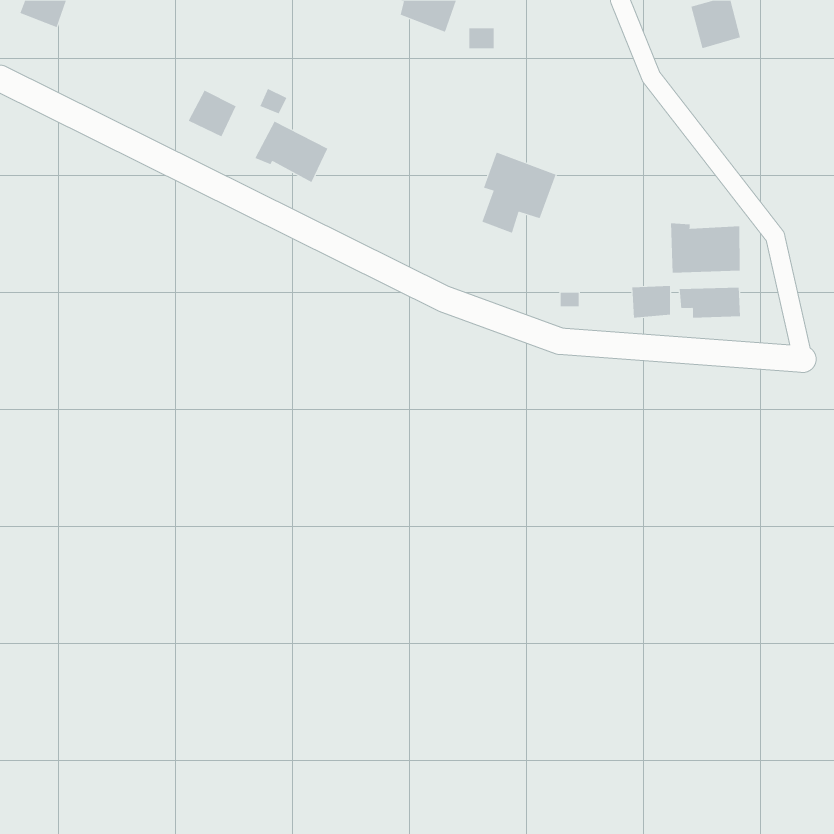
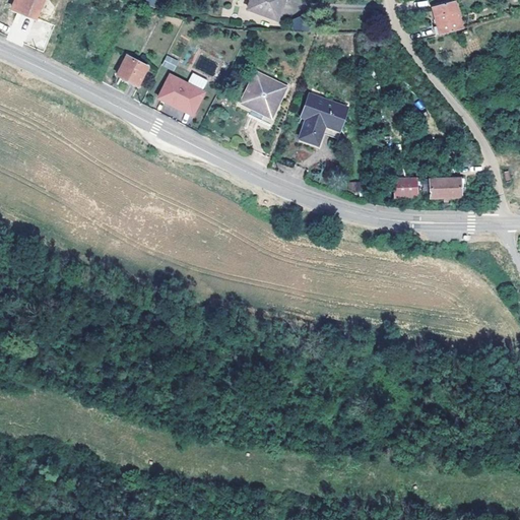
building: none -> [242,74,284,117]
building: [670,223,740,273] -> none

